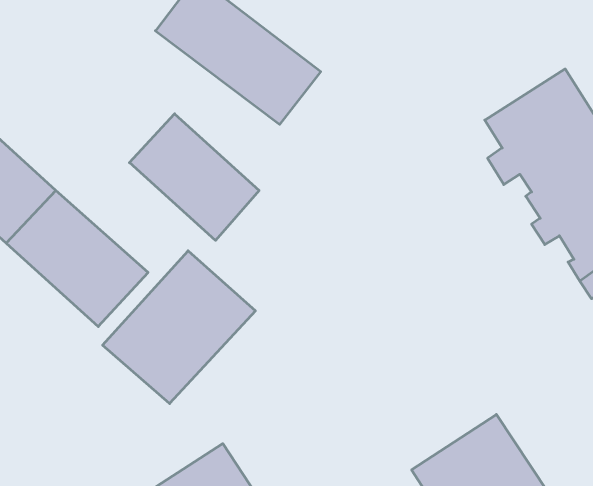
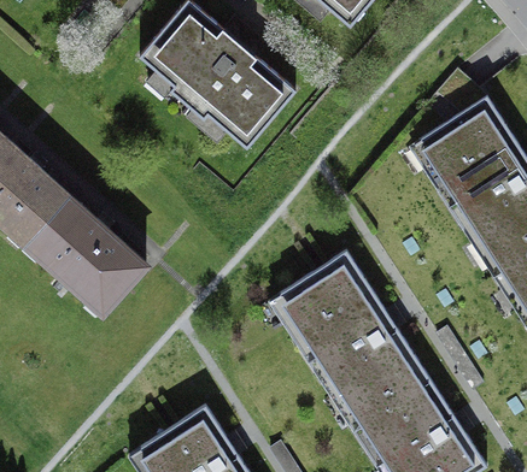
building: [129,114,259,240] -> none
building: [103,251,255,404] -> none
building: none -> [280,250,431,426]

